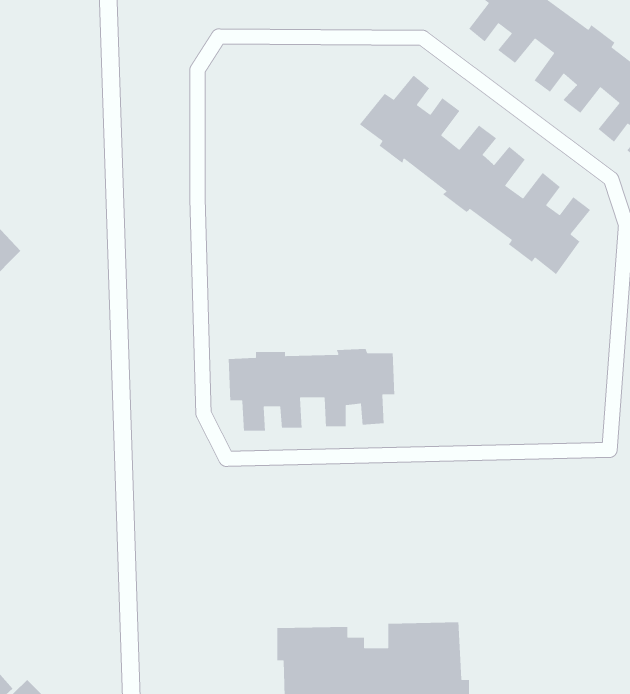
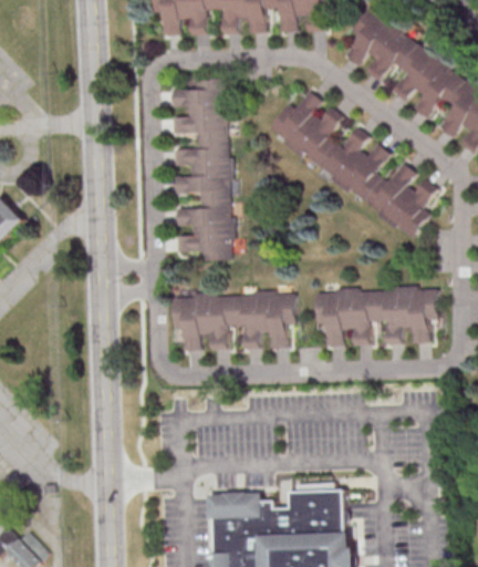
building: none -> [170,79,233,259]
building: none -> [315,286,437,346]

